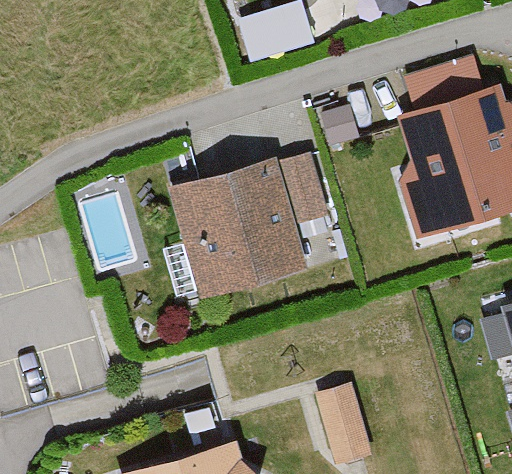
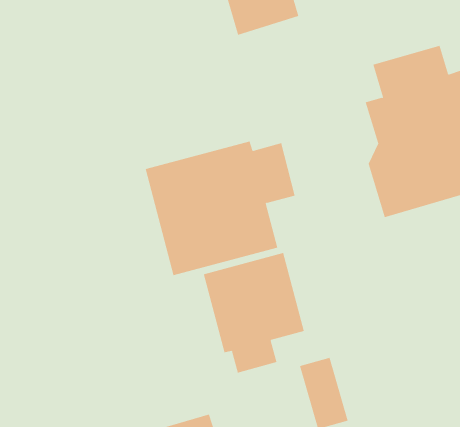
building: none -> [203,252,305,373]

